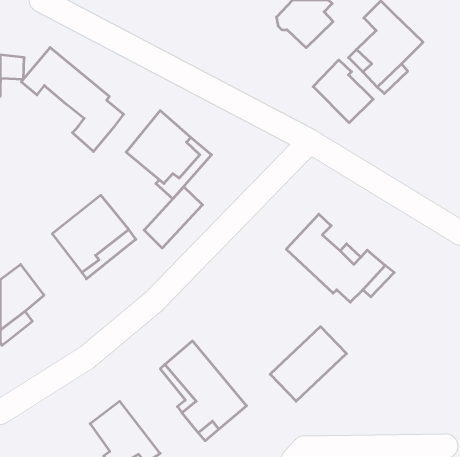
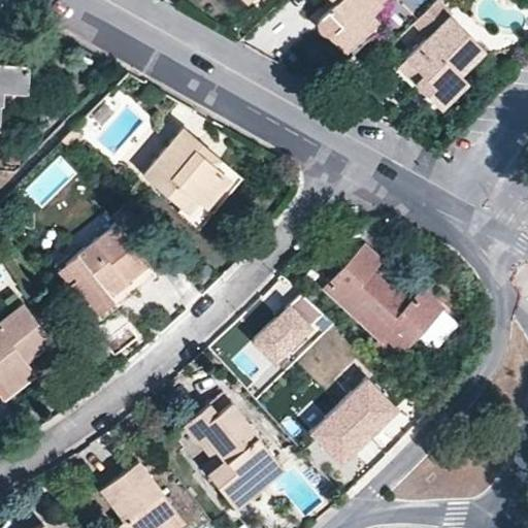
building: [21,47,124,152] -> none
building: [313,60,373,123] -> none
building: [144,187,203,248] -> [257,294,324,364]

